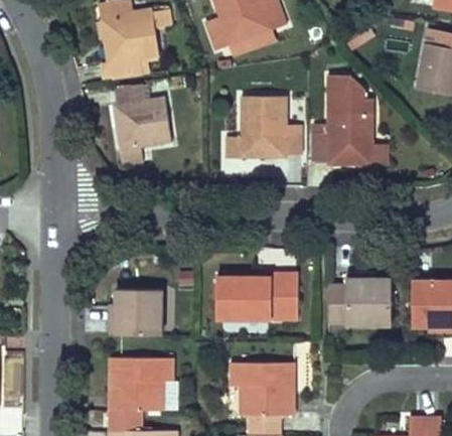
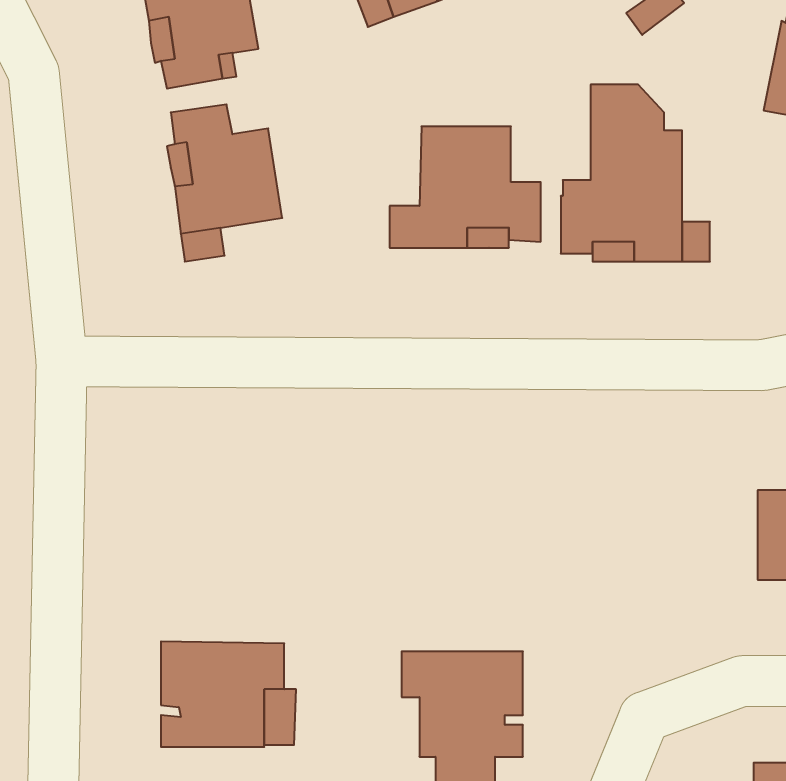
building: [216,274,298,319] -> none
building: [328,274,392,325] -> none
building: [110,289,161,335] -> none

